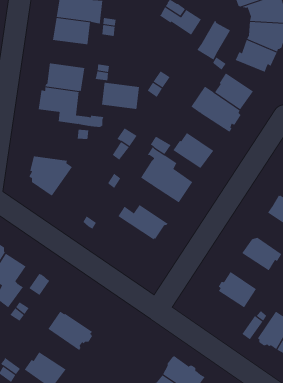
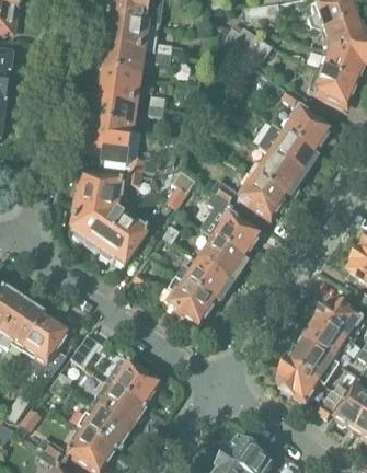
building: [197,20,231,60] -> none
building: [101,82,140,109] -> [94,69,139,101]
building: none -> [253,153,302,197]
building: none -> [72,176,122,208]
building: none -> [98,216,147,264]
building: none -> [198,236,246,281]
building: none -> [164,273,215,324]
building: none -> [303,315,348,357]
building: none -> [105,356,159,406]
building: none -> [277,358,320,403]
building: none -> [77,403,129,450]

